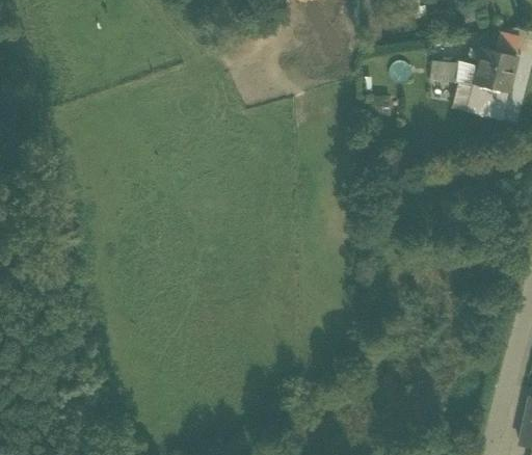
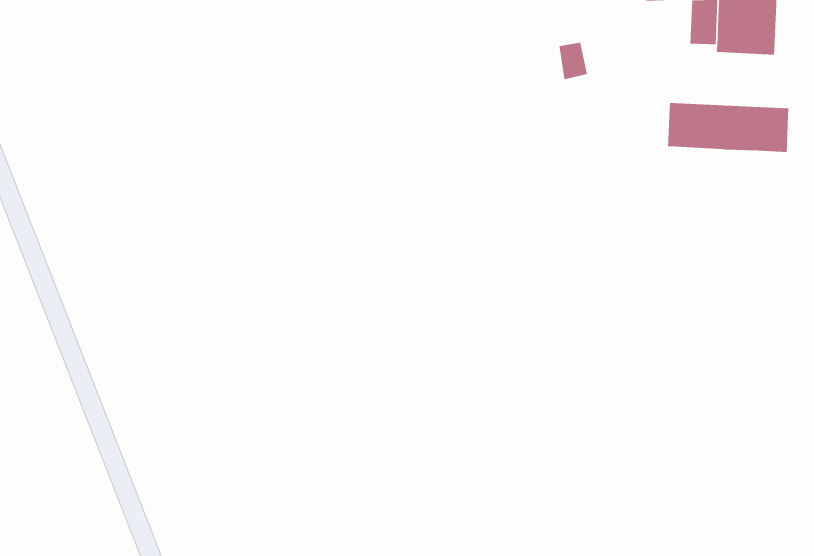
building: none -> [667,102,789,153]

